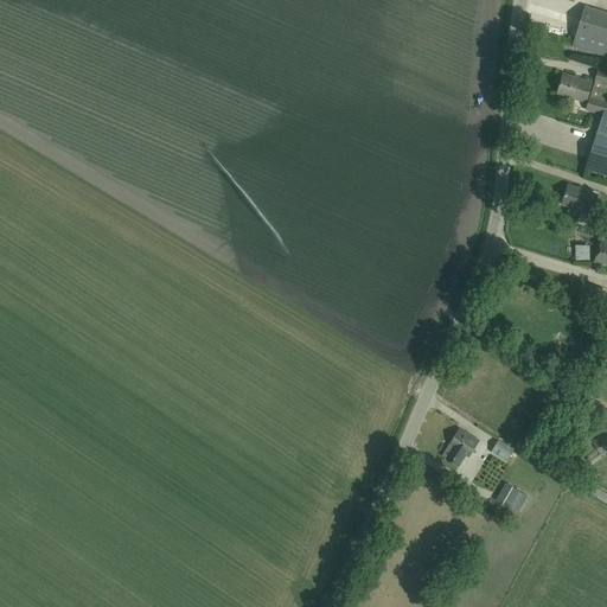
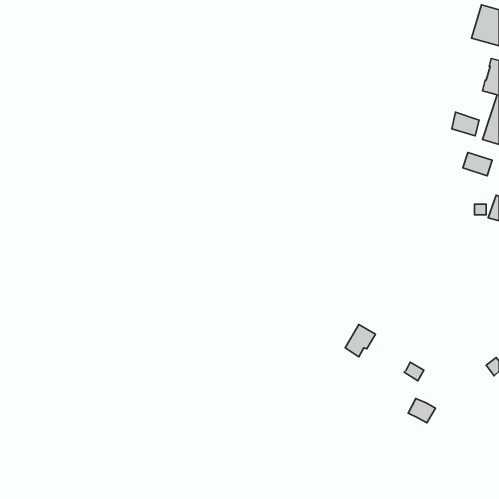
building: [557,74,590,102] -> [452,112,479,136]
building: [442,428,479,467] -> [345,325,375,357]

